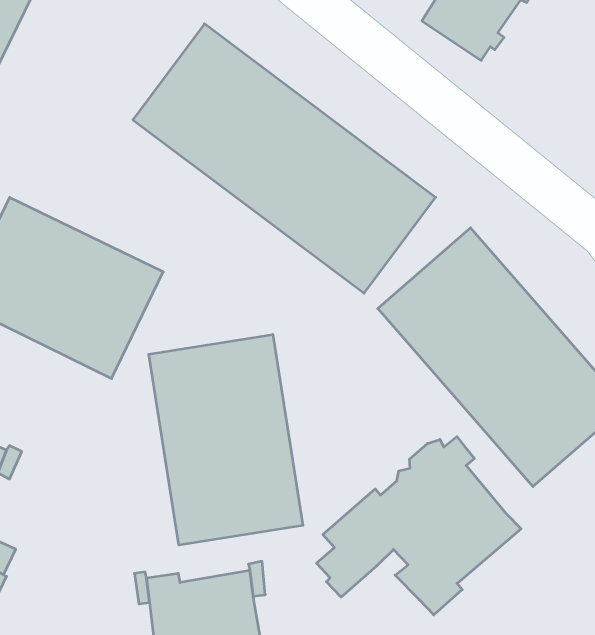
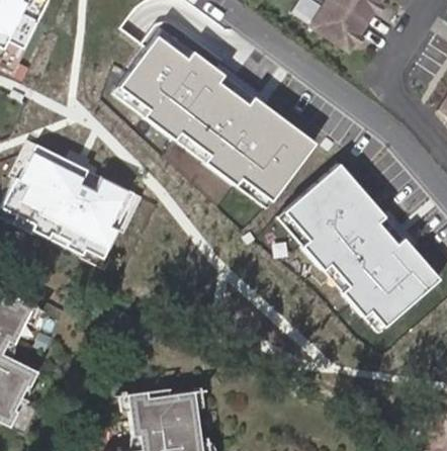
building: [149,334,303,545] -> none
building: [317,437,521,615] -> none

